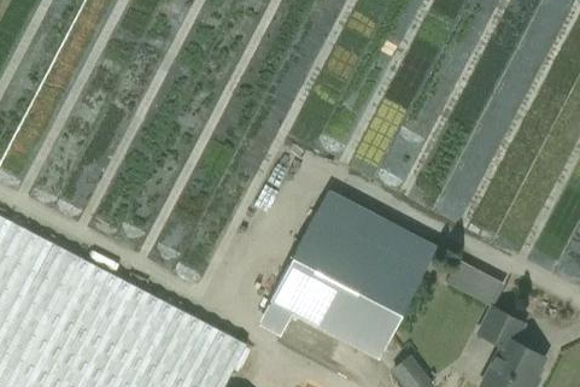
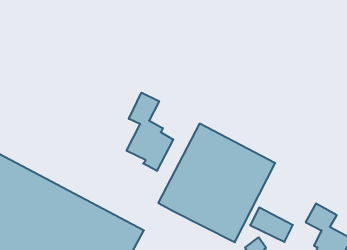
building: none -> [127,93,173,171]
building: [443,257,504,306] -> [250,207,293,242]

